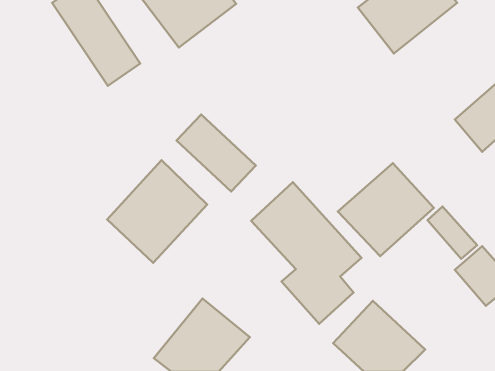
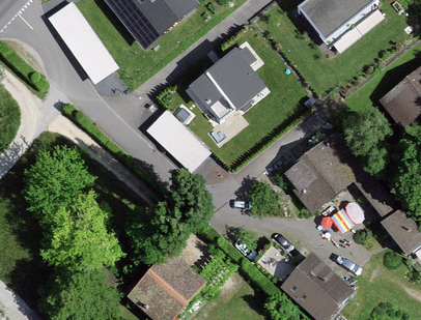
building: none -> [184,46,263,122]
building: [107,160,207,263] -> none
building: [251,182,362,324] -> none

